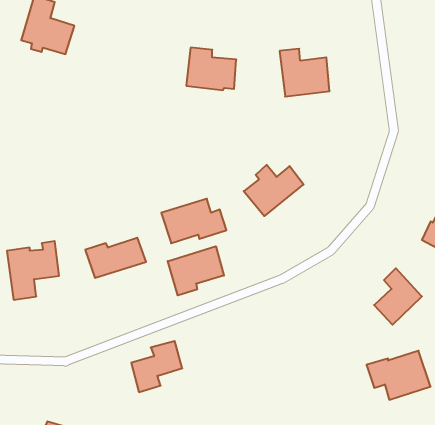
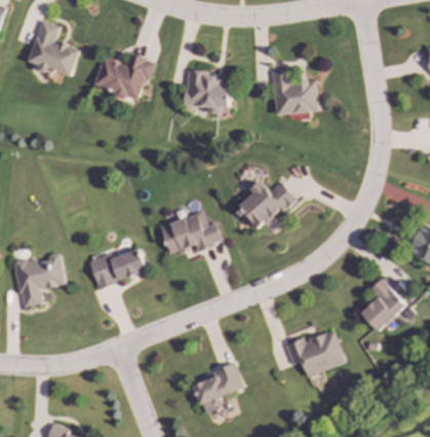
building: none -> [93,53,155,102]
building: [168,246,224,295] -> none
building: [131,341,182,392] -> [195,363,243,411]
building: [366,351,431,400] -> [285,330,346,376]

